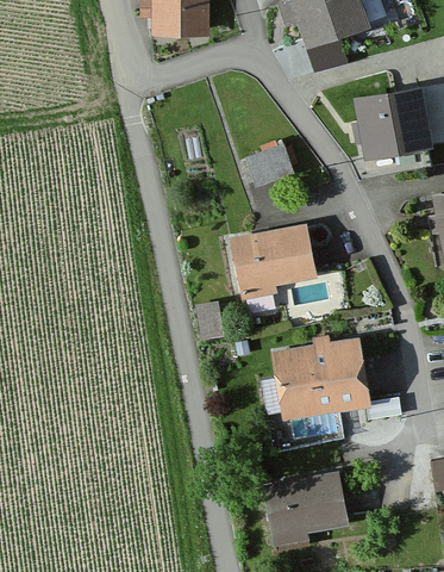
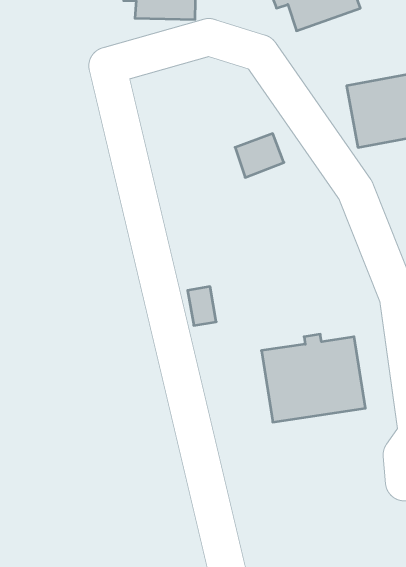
building: [230,225,313,298] -> none
building: [264,471,348,547] -> none

